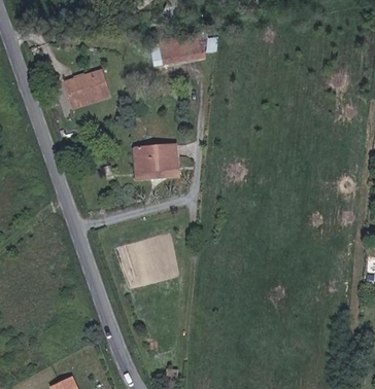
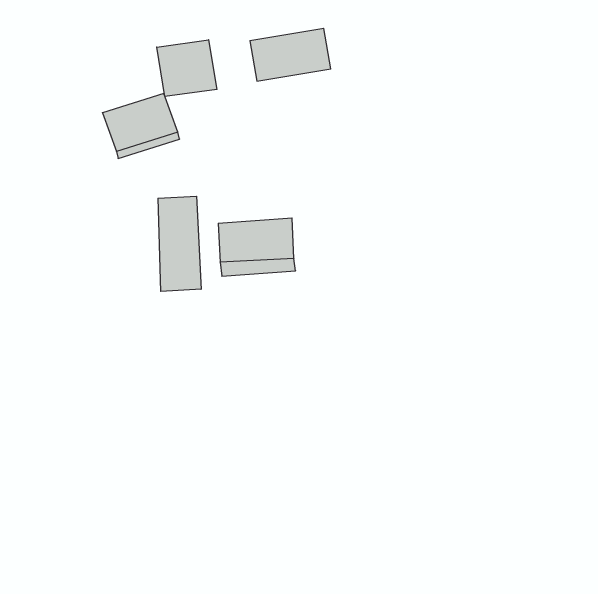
building: none -> [157,40,217,97]
building: none -> [158,196,201,291]

